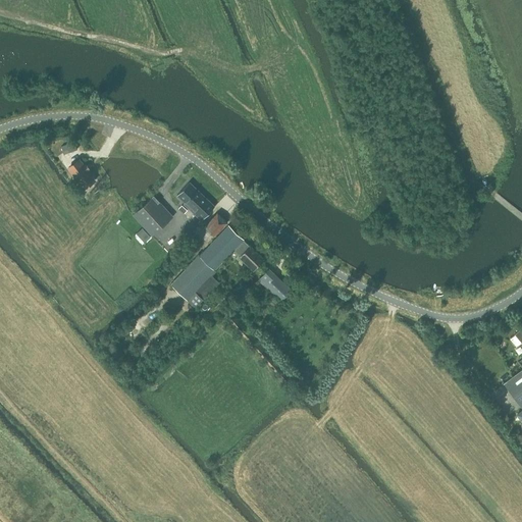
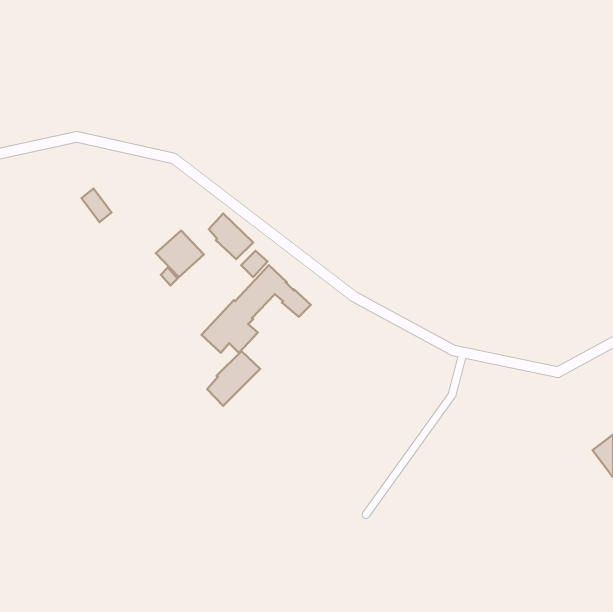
building: [258,270,292,302] -> none
building: none -> [207,351,260,406]

